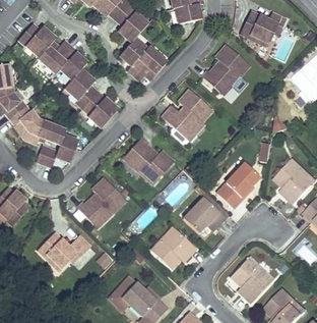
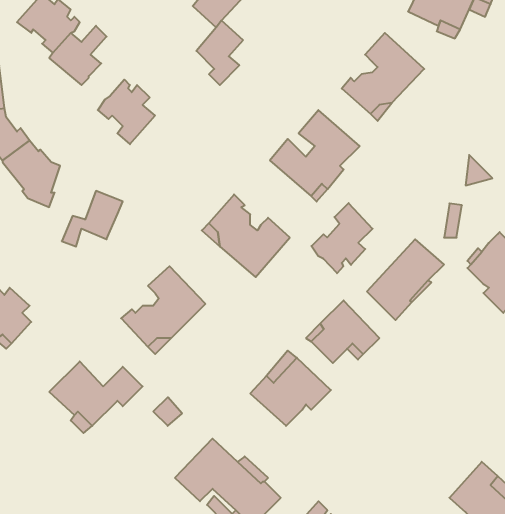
building: [133,46,166,79] -> none
building: [59,47,86,80] -> none
building: [82,92,116,127] -> none
building: [36,120,65,163] -> none
building: none -> [311,203,373,273]
building: [230,256,273,303] -> none

